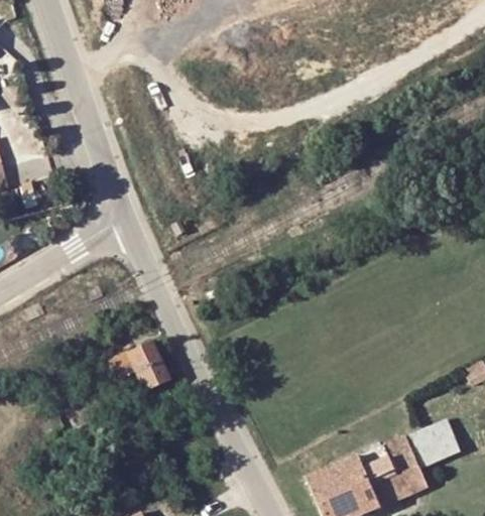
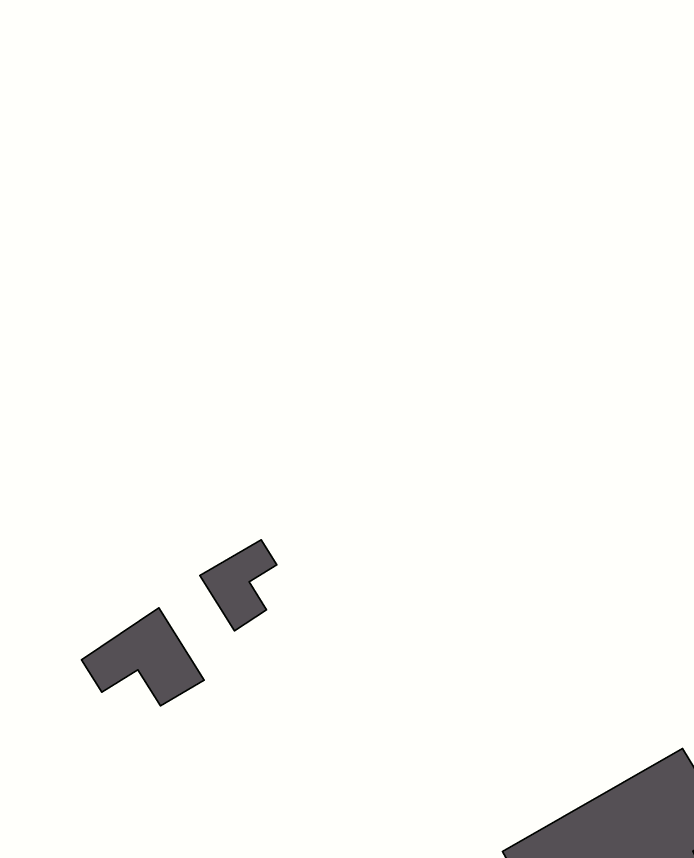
building: none -> [200,540,277,631]

